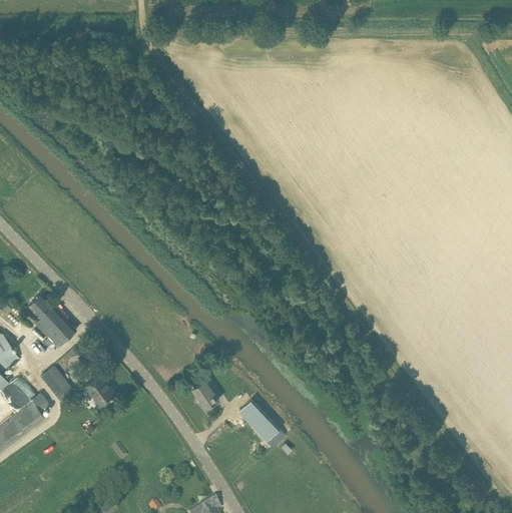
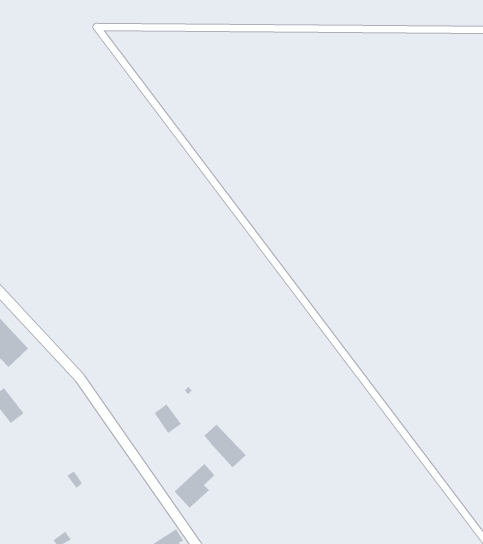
building: [83,375,114,405] -> none
building: none -> [174,463,215,508]

